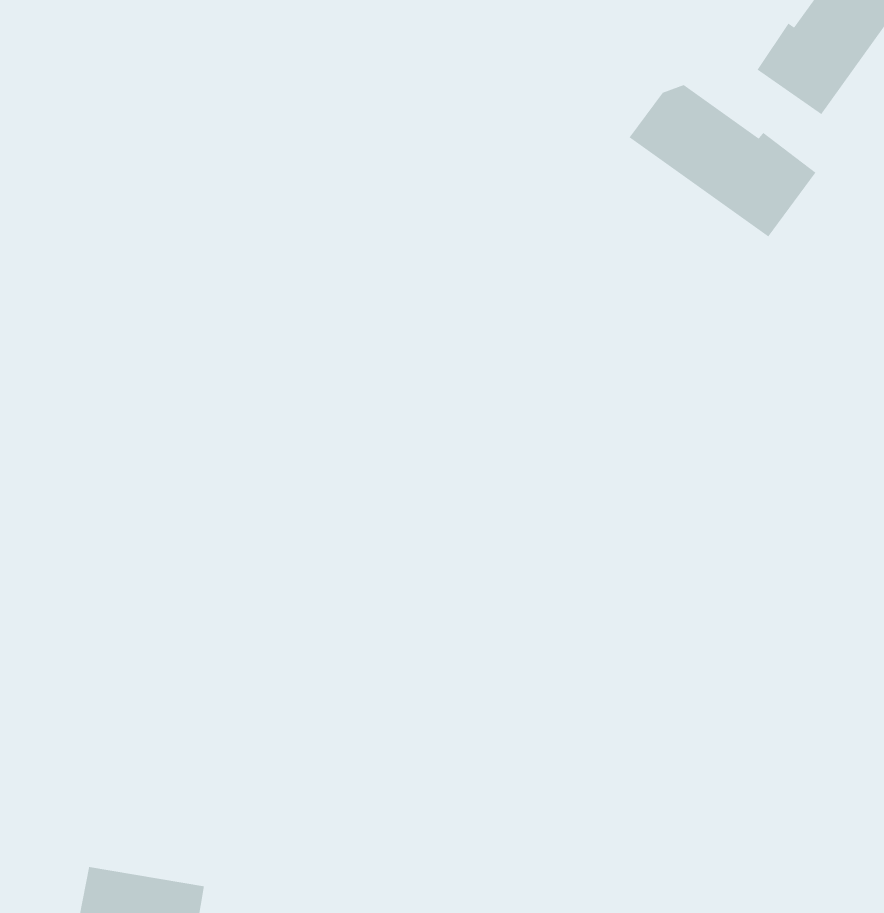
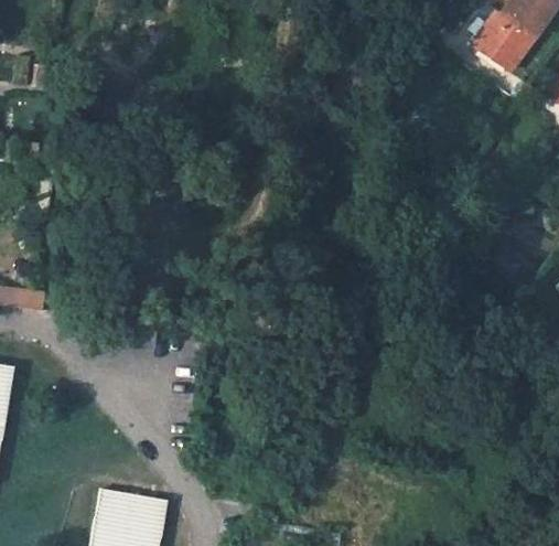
building: [629,84,817,238] -> none

